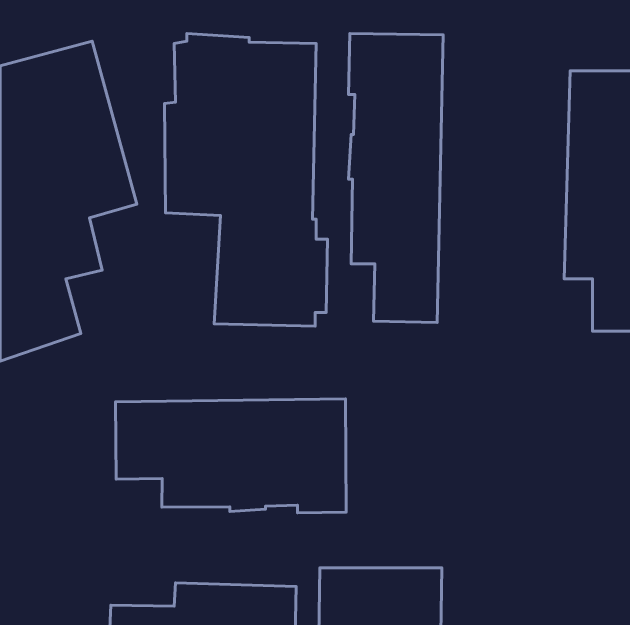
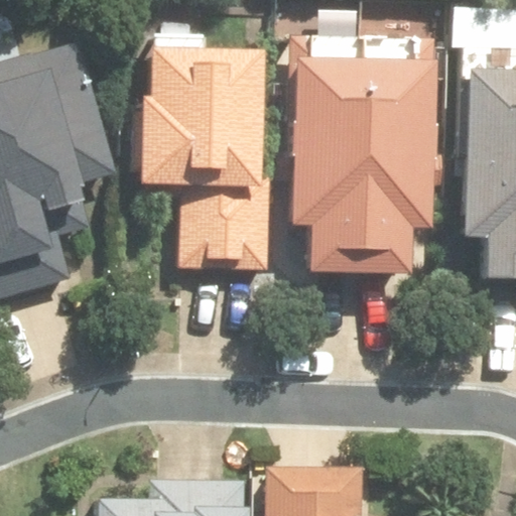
building: none -> [359,37,440,271]
building: [115,399,346,513] -> none

